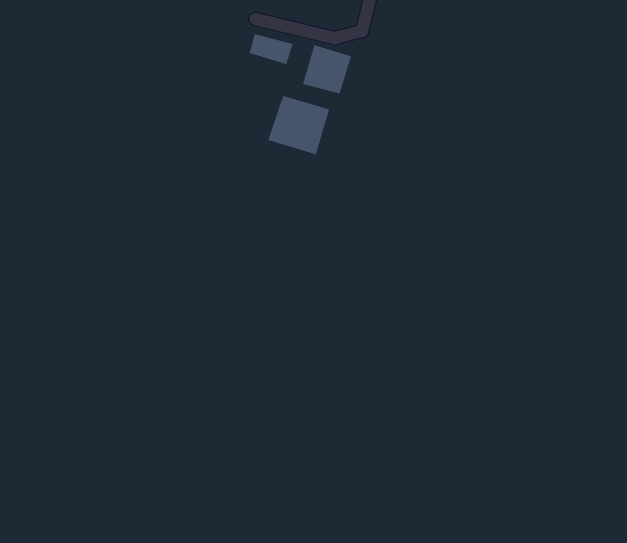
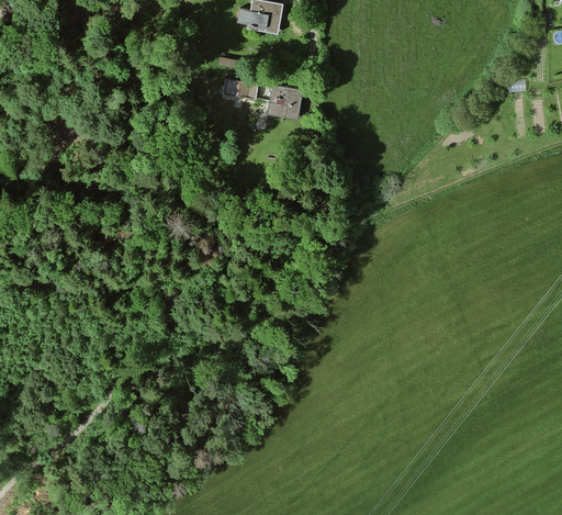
building: [268,95,330,155] -> none

